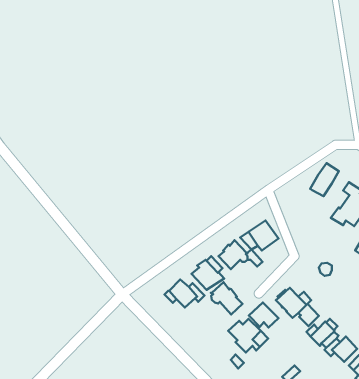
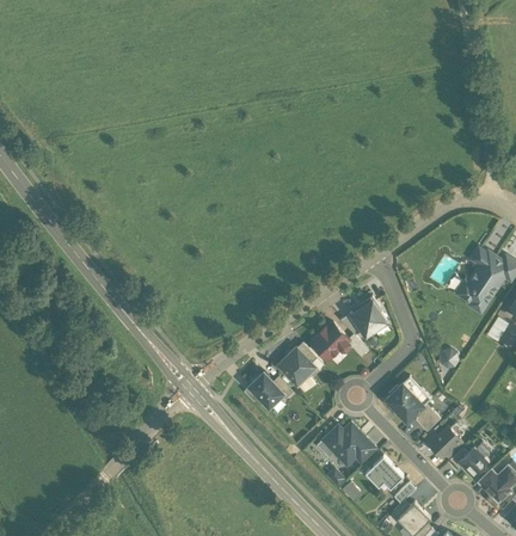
building: [310,163,339,196] -> none
building: [211,282,243,315] -> none
building: [249,302,279,328] -> [364,456,403,488]

